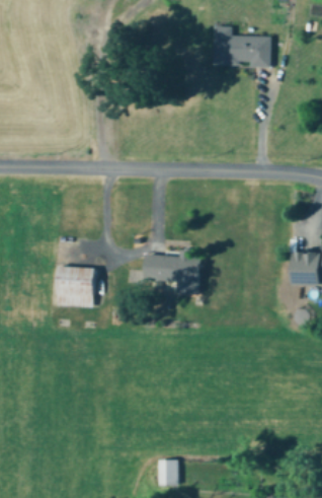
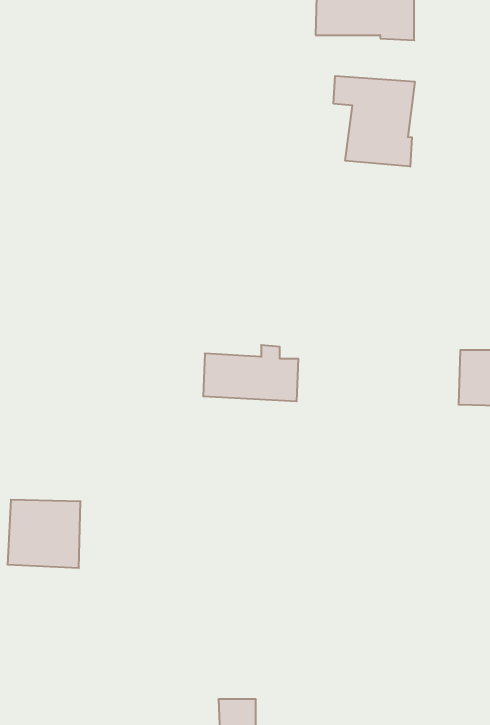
building: none -> [334,76,415,167]
building: [54,267,97,307] -> [7,500,81,568]

